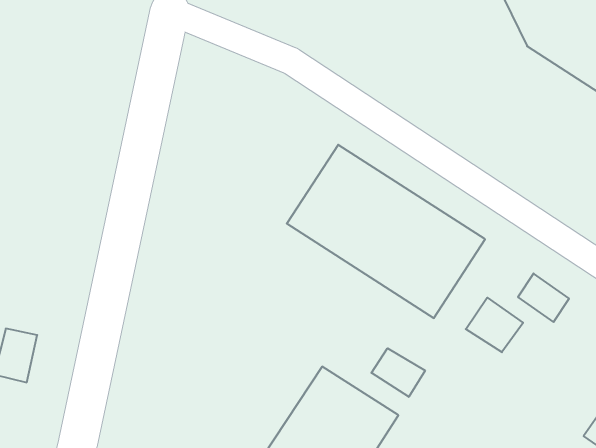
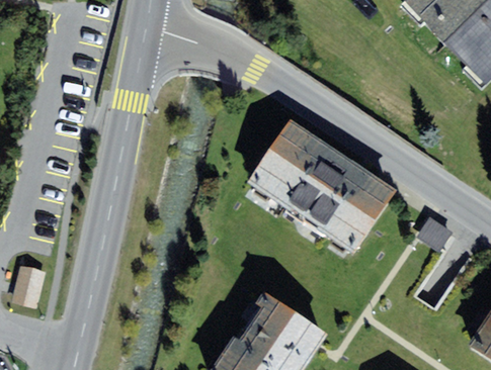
building: [466,298,523,352] -> none
building: [371,348,425,397] -> none

